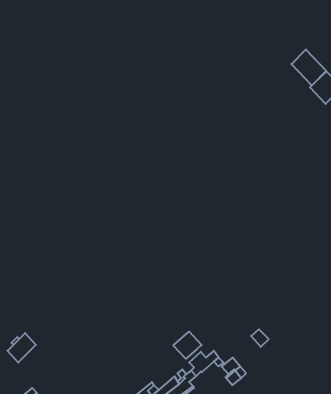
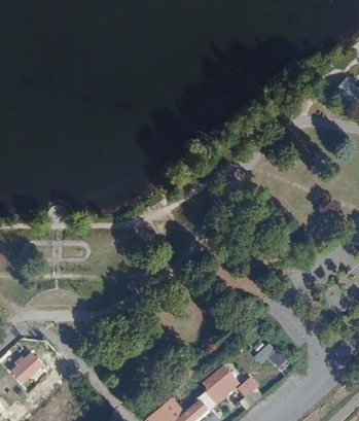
building: [291,49,326,86] -> none
building: [173,332,202,359] -> none

